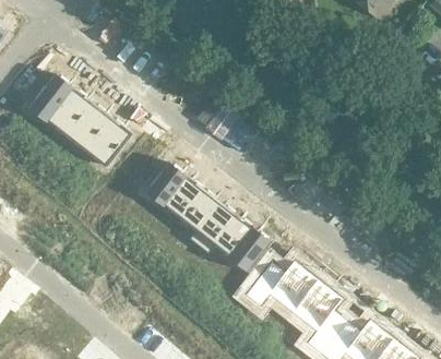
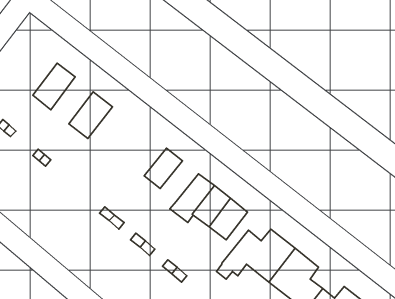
building: [29,74,74,121] -> none
building: [68,103,111,151] -> none
building: [146,163,187,204] -> none
building: [180,189,219,230] -> none

